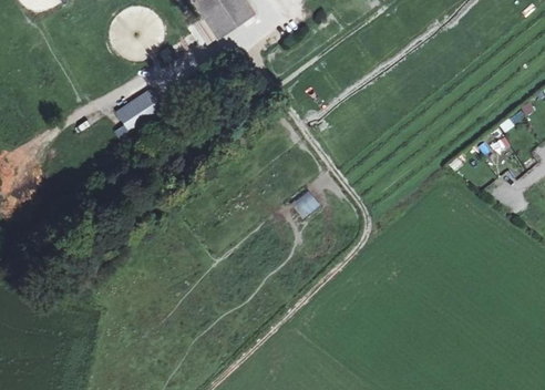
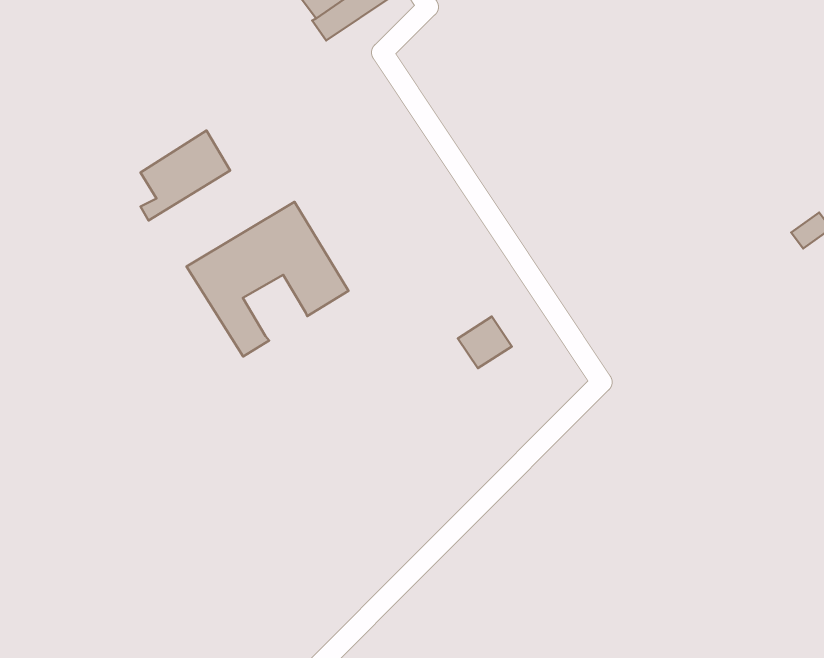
building: none -> [187,202,348,357]

